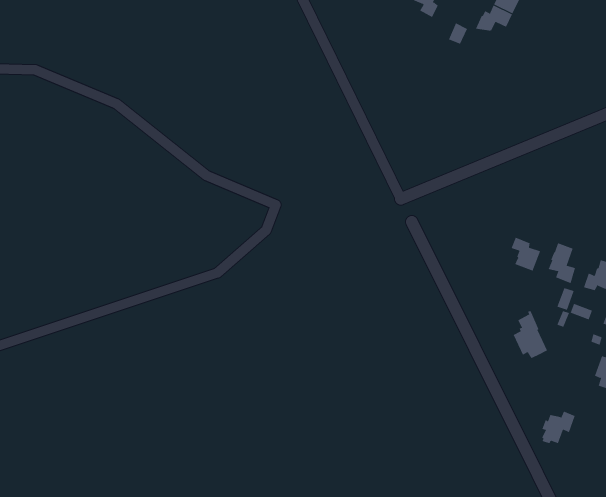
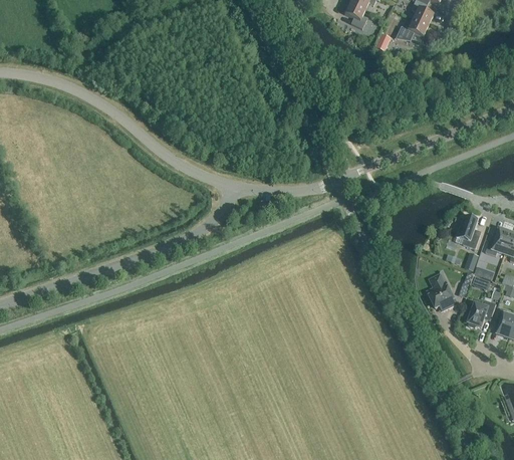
building: [511,237,541,271] -> none
building: [541,411,576,444] -> [468,300,496,327]

